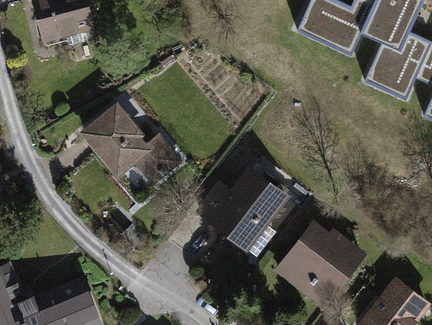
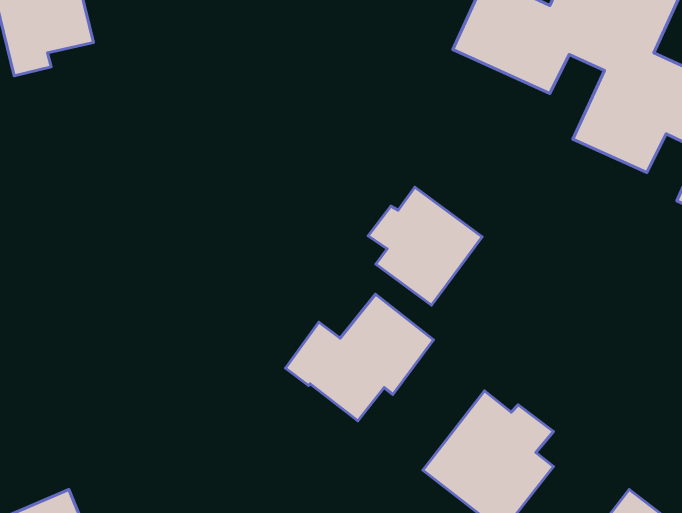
building: [86,106,179,180] -> none
building: none -> [368,187,482,305]

